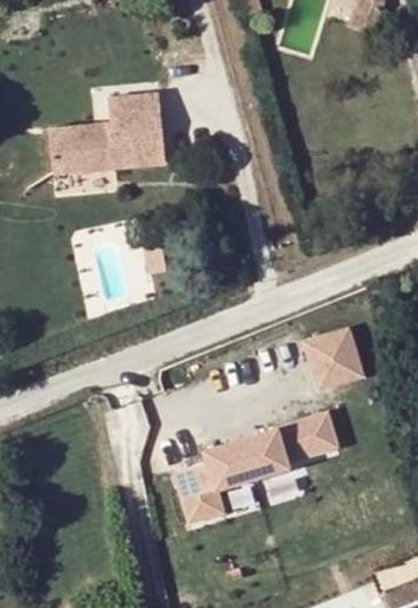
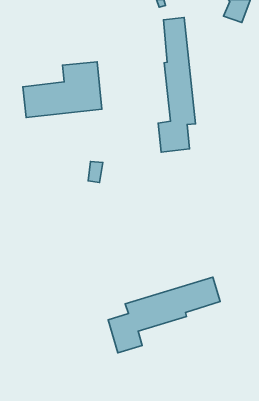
building: none -> [158,17,195,152]
building: [305,328,362,386] -> none

